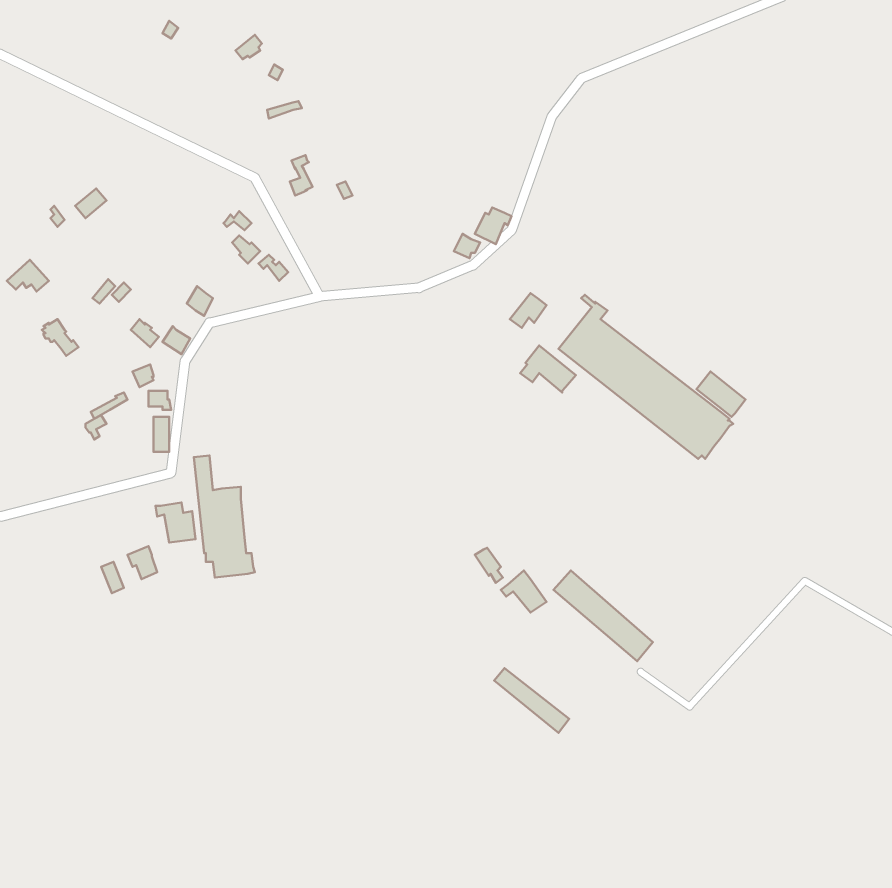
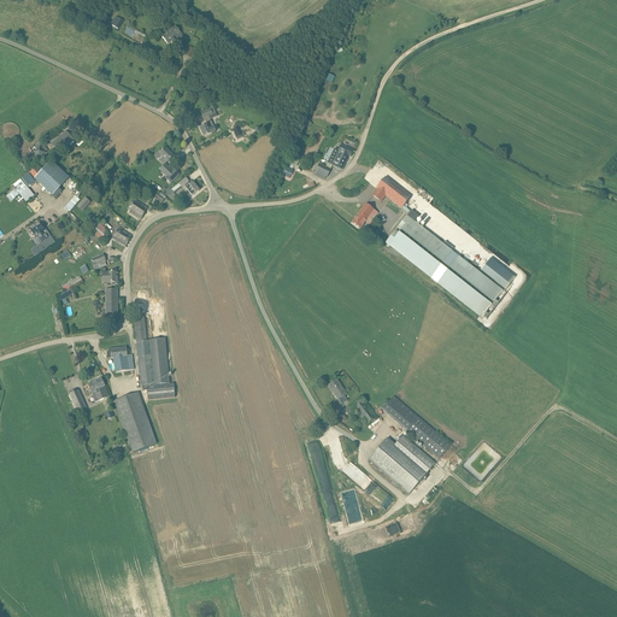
building: none -> [35,161,67,194]
building: [520,345,576,393] -> [372,175,411,207]
building: none -> [114,390,157,451]
building: none -> [369,433,435,493]

